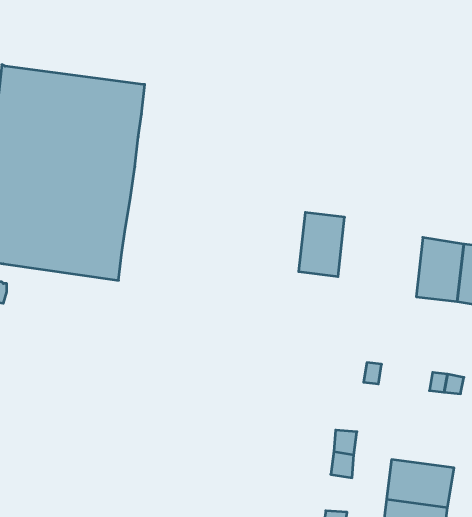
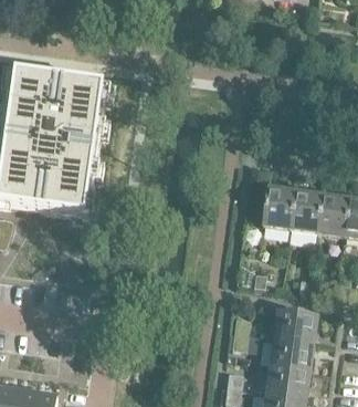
building: [299,212,345,277] -> [263,184,294,227]
building: none -> [273,307,318,342]

